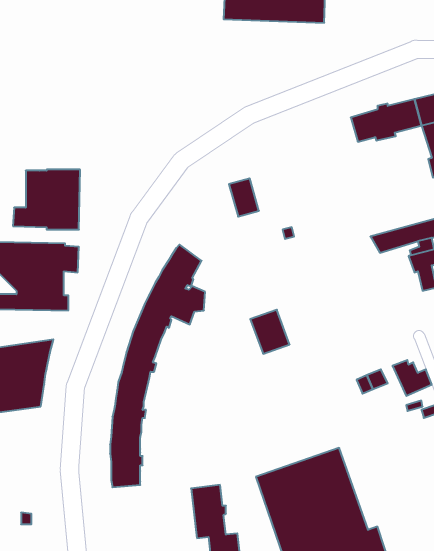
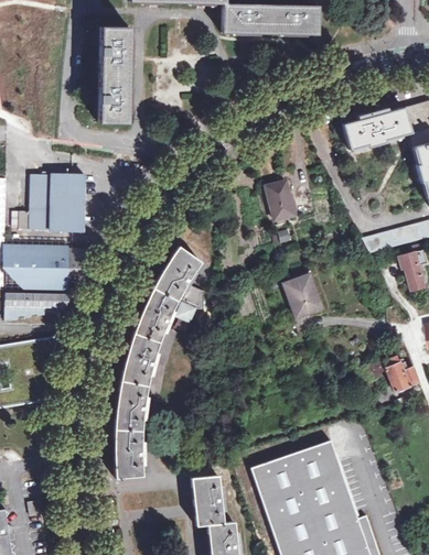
building: none -> [99,26,129,123]
building: [229,178,259,217] -> [267,185,296,221]
building: [250,310,290,354] -> [283,273,321,315]

